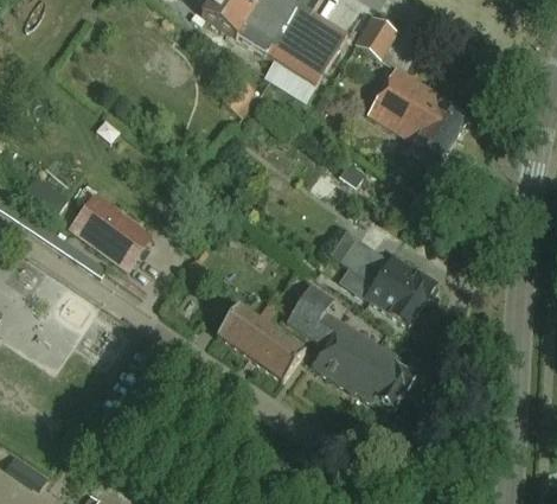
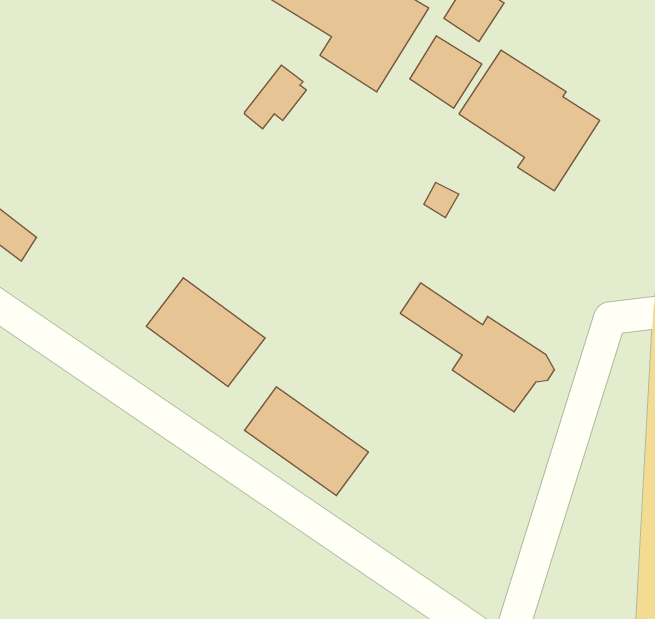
building: none -> [410,36,482,108]
building: [66,187,151,264] -> [146,278,265,387]
building: [282,282,415,412] -> none

